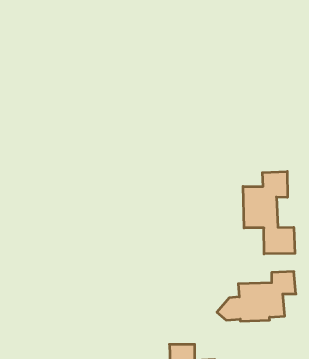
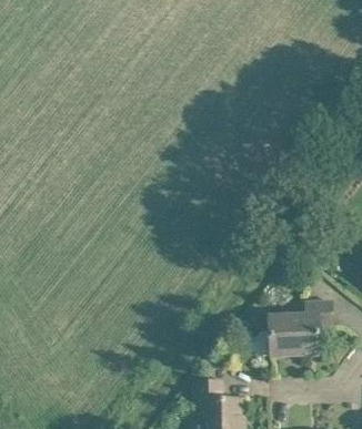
building: [243,171,295,254] -> none

